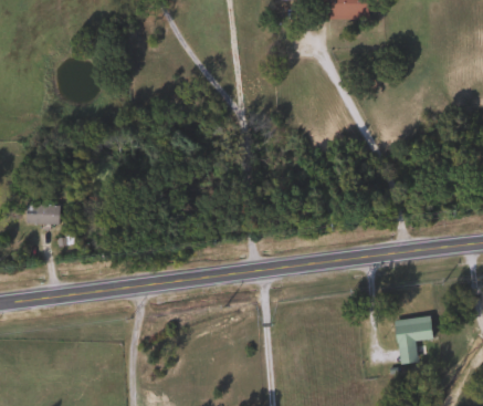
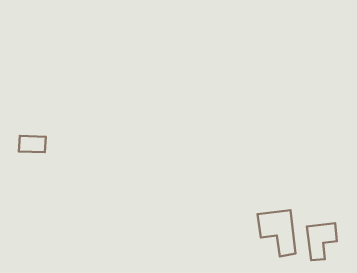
building: none -> [258,210,295,257]

